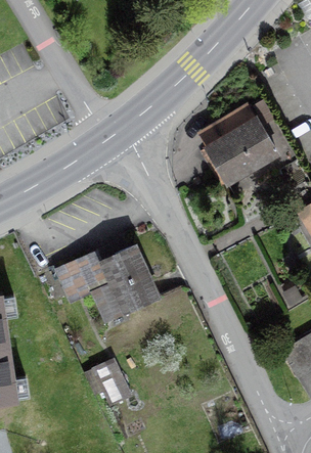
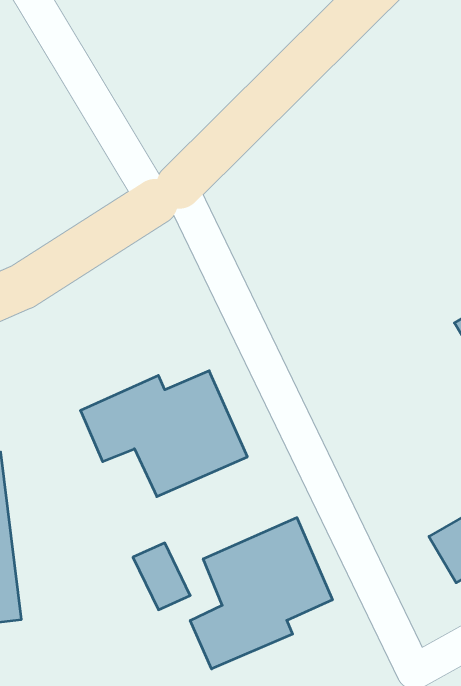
building: [196,98,287,189] -> none
building: none -> [190,518,332,669]

